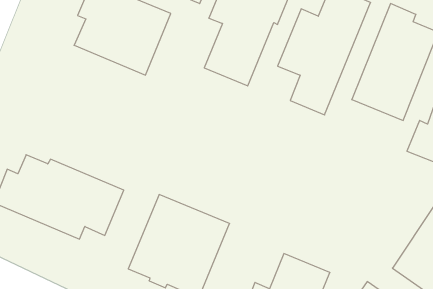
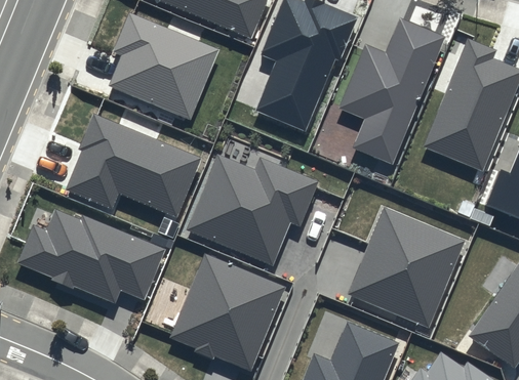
building: none -> [66,114,201,217]
building: none -> [187,155,319,265]
building: none -> [350,208,465,327]

